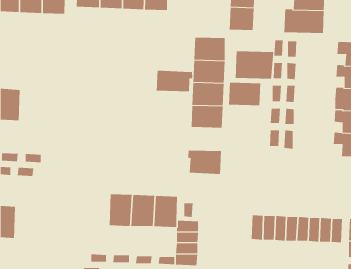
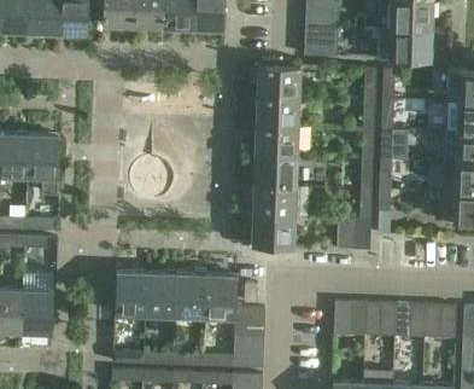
building: [235,50,274,80] -> none
building: [156,70,193,92] -> none
building: [228,82,261,106] -> [252,185,295,216]
building: none -> [27,135,59,194]
building: none -> [338,219,370,250]
building: none -> [113,272,146,315]
building: none -> [21,290,53,337]

